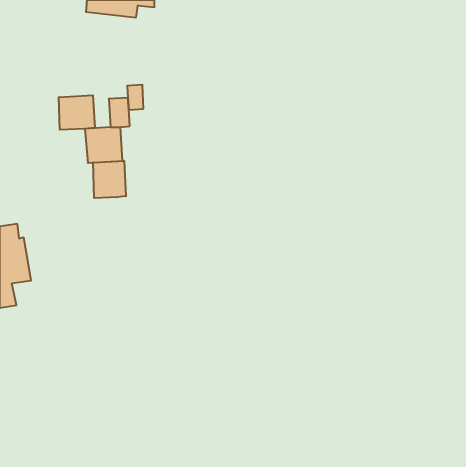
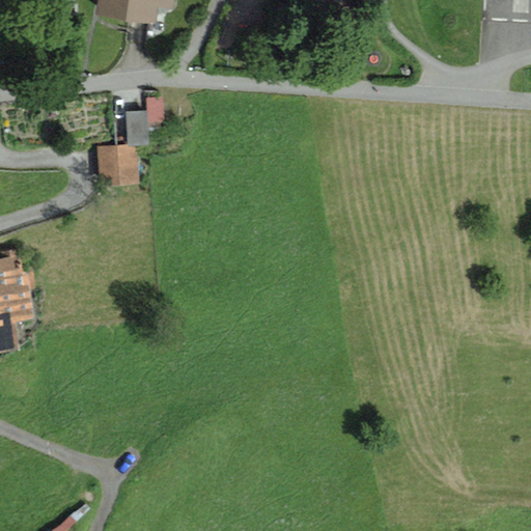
building: [59,95,95,130] -> none
building: [93,161,126,198] -> none

